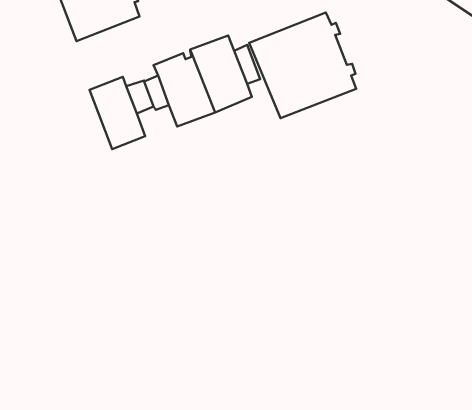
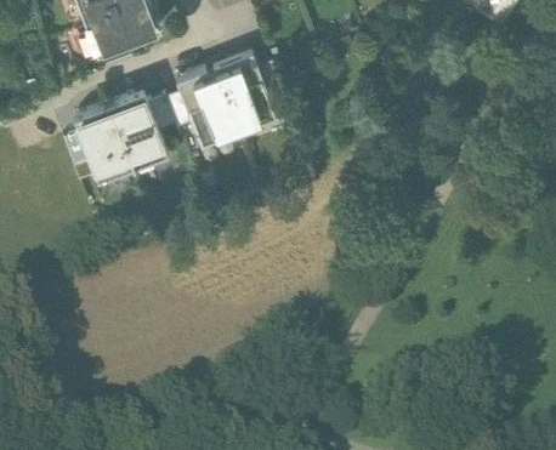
building: [249,12,356,118] -> none
building: none -> [73,104,132,180]

